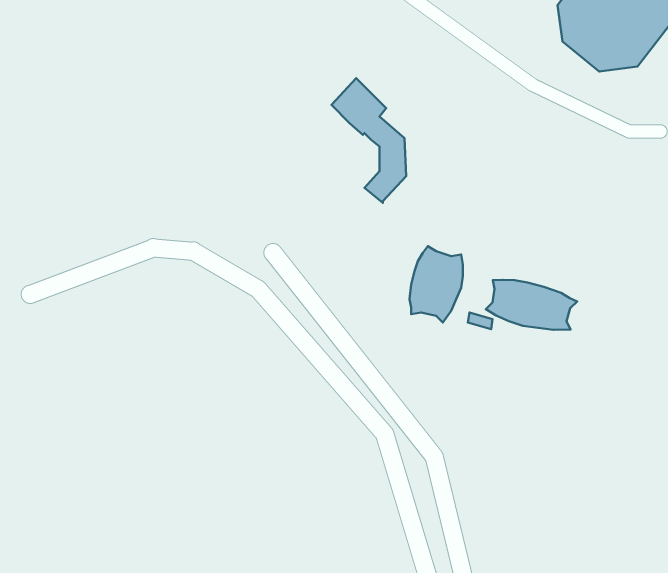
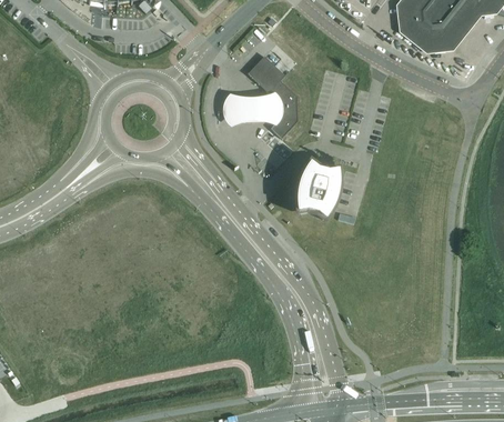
building: none -> [221,94,280,128]
building: [486,280,577,330] -> none

